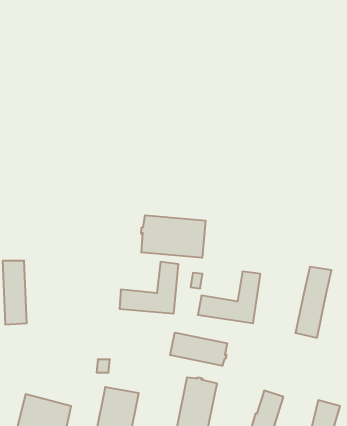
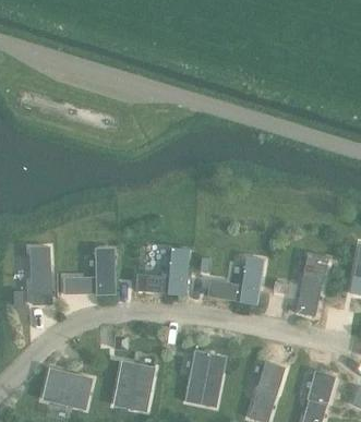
building: [141,215,206,258] -> none
building: none -> [63,248,115,293]
building: [170,333,227,366] -> none

